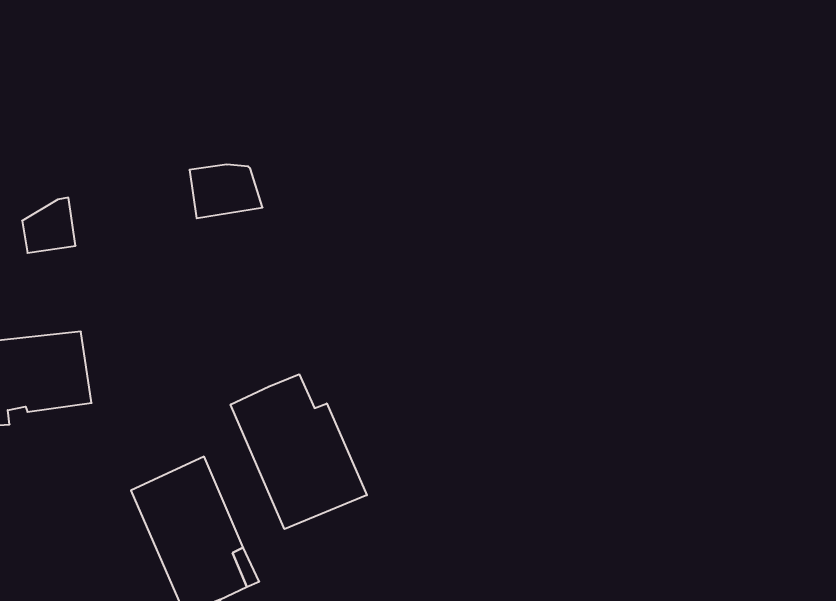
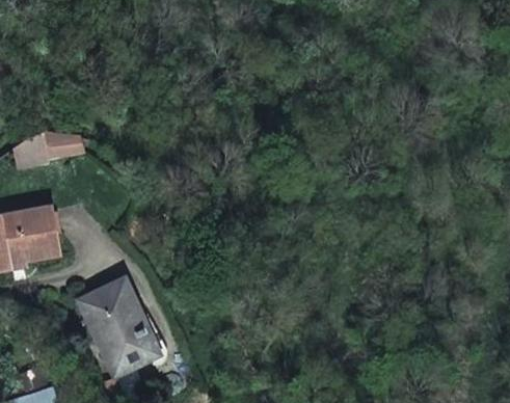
building: [189,165,263,218] -> [45,129,87,160]
building: [231,374,367,529] -> none

